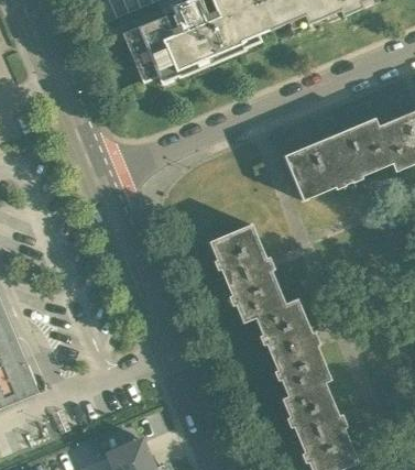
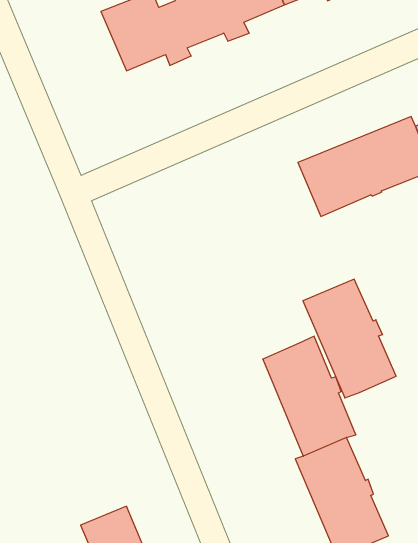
building: [208,225,284,321] -> [303,279,396,398]

